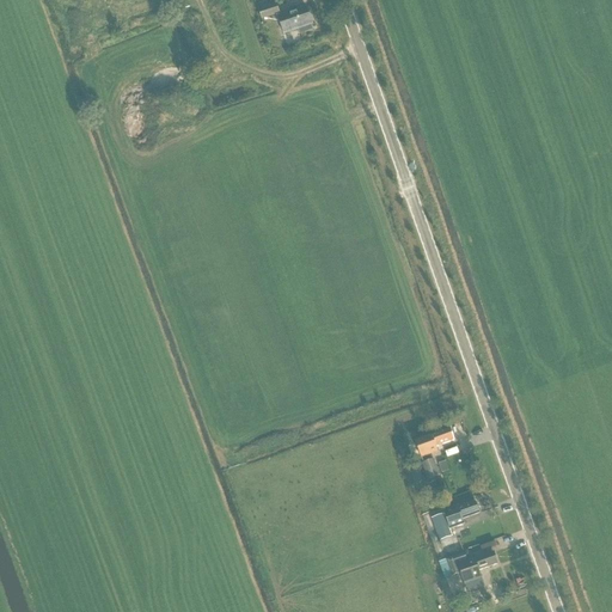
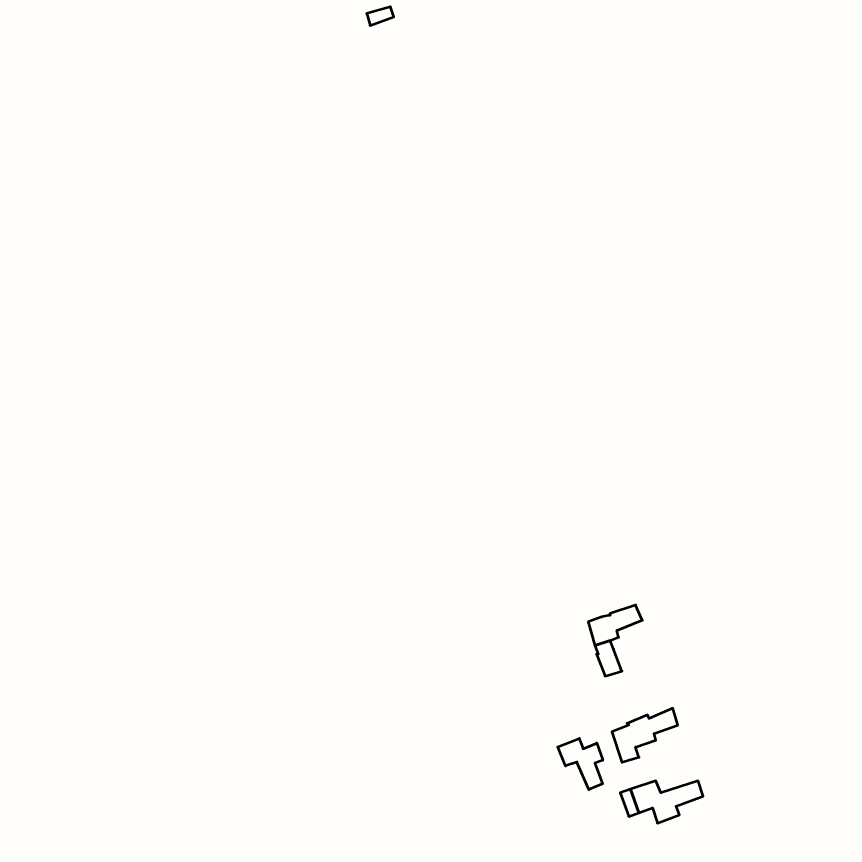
building: [280,7,313,32] -> none
building: none -> [558,738,603,790]

